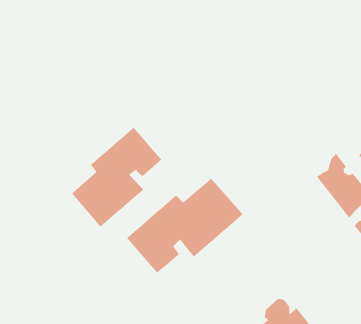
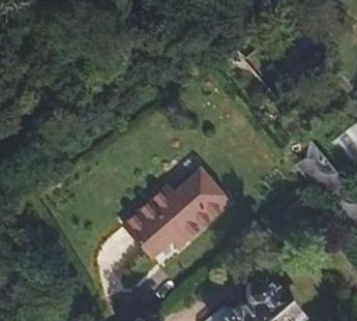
building: [71,127,162,228] -> none

